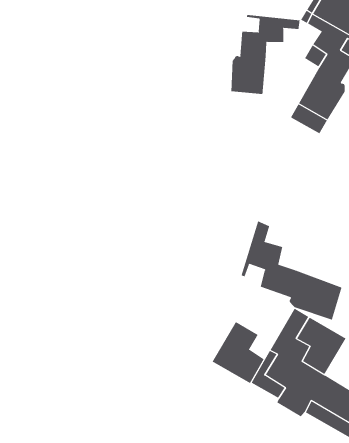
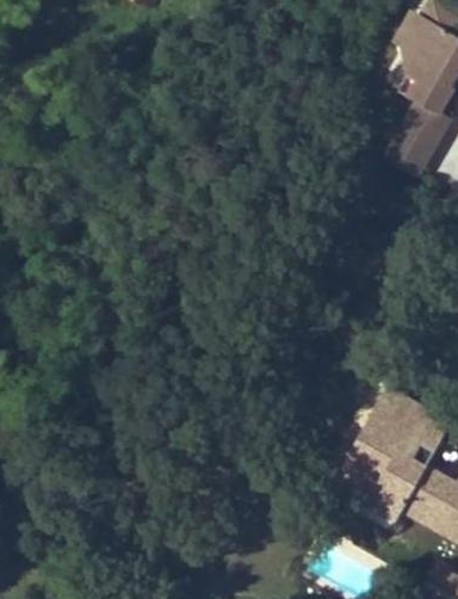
building: [231,14,300,95] -> none
building: [241,221,342,320] -> none
building: [212,321,264,384] -> none

